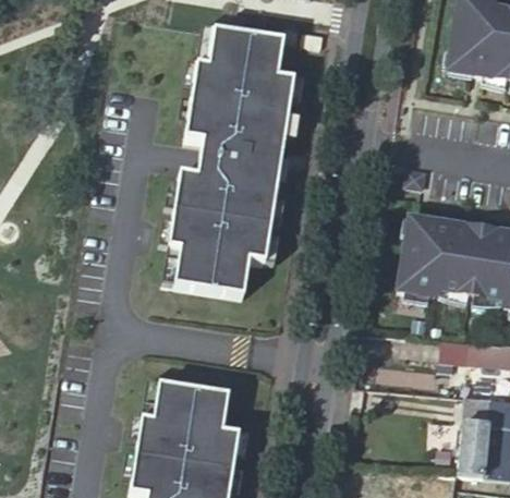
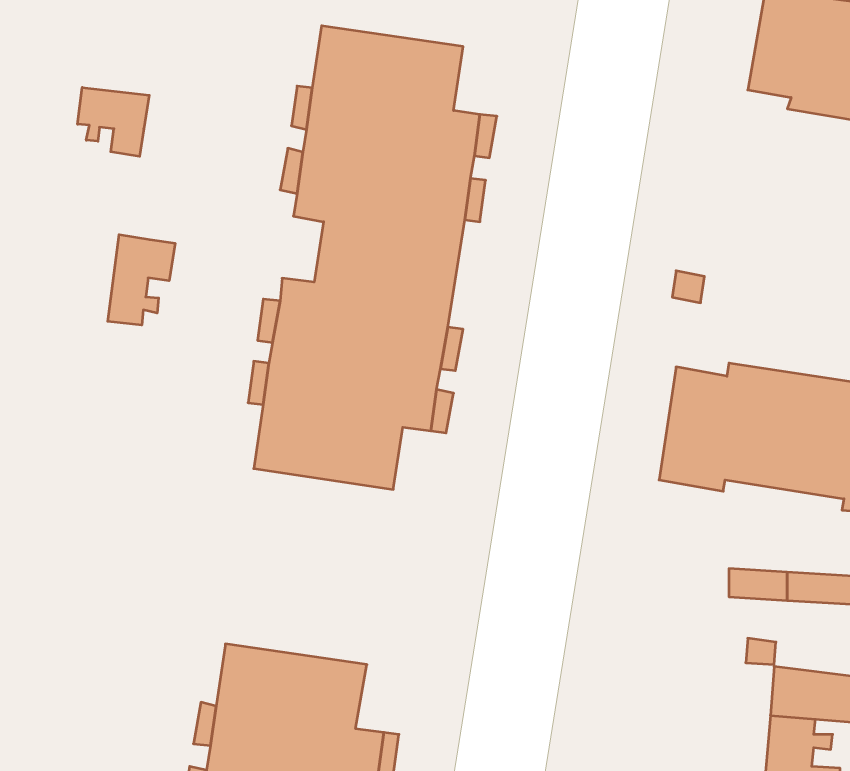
building: none -> [78,87,149,156]
building: none -> [108,235,175,325]

